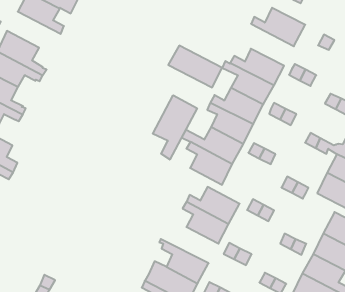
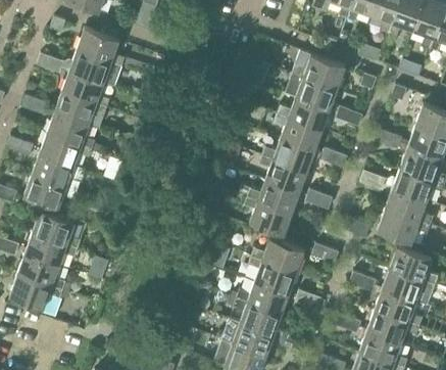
building: none -> [53,91,106,128]
building: [168,46,222,87] -> [283,73,336,109]
building: [153,95,197,160] -> none
building: none -> [231,280,288,313]

